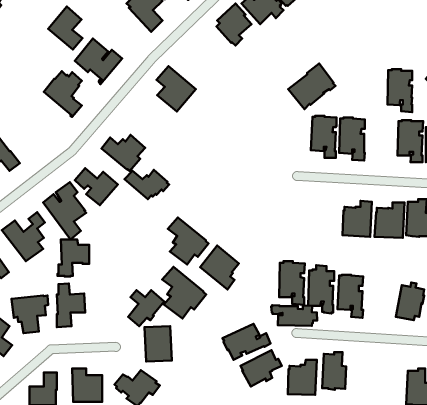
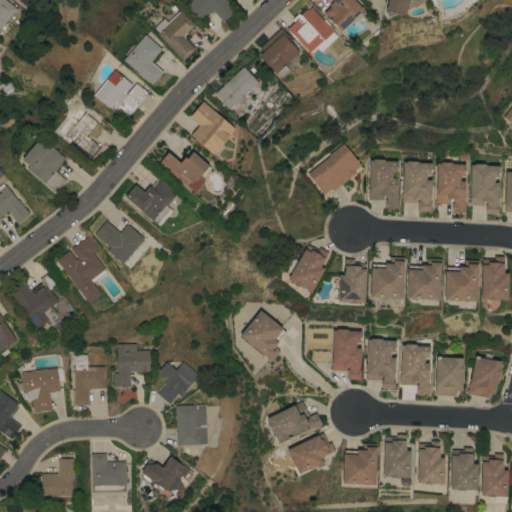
building: [48,7,82,49] -> [124,34,164,84]
building: none -> [216,66,260,110]
building: [288,63,335,109] -> [309,143,364,196]
building: [387,69,412,112] -> [437,162,466,212]
building: none -> [23,137,68,193]
building: [125,170,169,199] -> [160,151,212,185]
building: none -> [289,244,329,292]
building: none -> [370,256,404,298]
building: none -> [338,258,367,303]
building: [168,217,208,265] -> none
building: [58,240,89,277] -> [114,344,151,387]
building: [162,267,206,318] -> none
building: none -> [436,349,465,396]
building: [271,305,317,326] -> none
building: none -> [418,440,445,484]
building: none -> [450,447,478,490]

